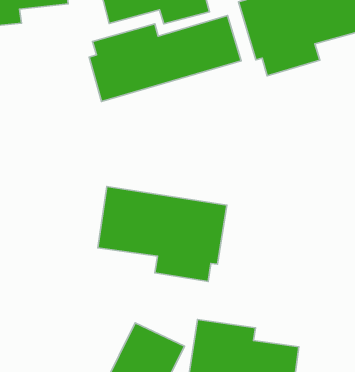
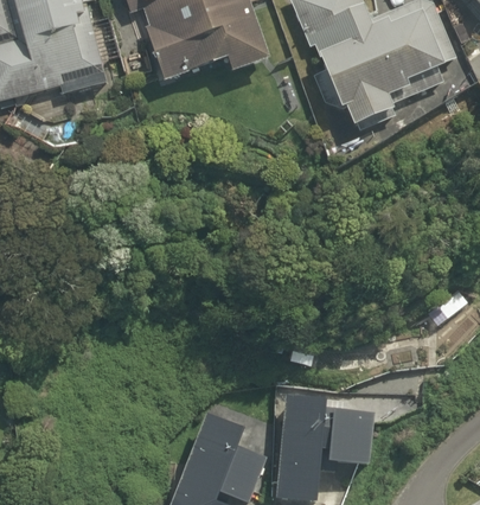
building: [89,15,241,101] -> none
building: [98,187,227,281] -> none

